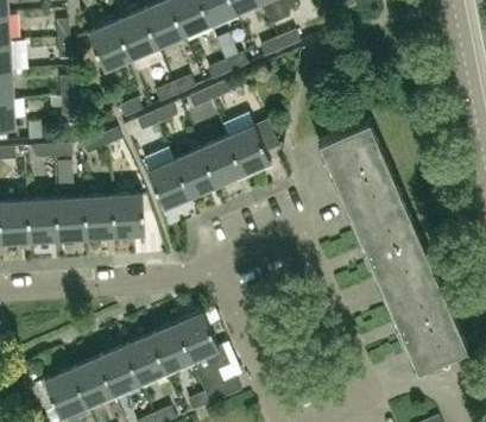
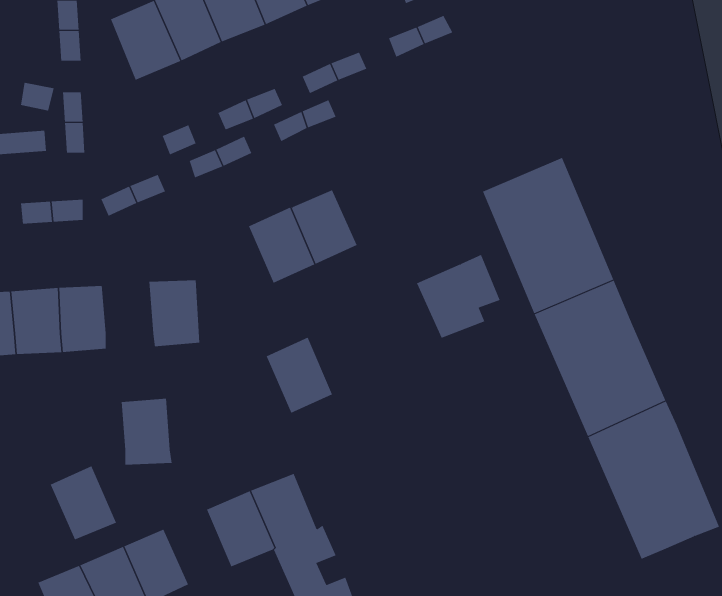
building: [226,120,278,172] -> [416,254,501,339]
building: [147,160,189,208] -> [266,337,333,414]
building: [83,195,115,237] -> [121,398,172,465]
building: [121,336,163,383] -> [50,465,117,540]

